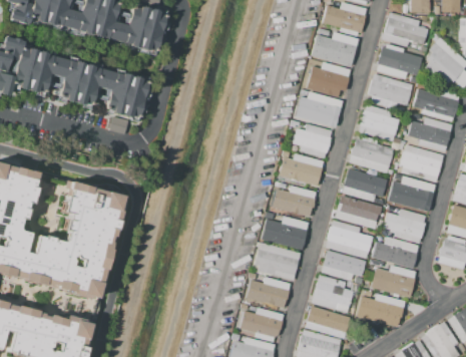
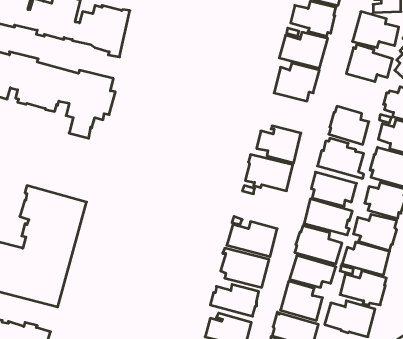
building: [369,74,413,109] -> none
building: [298,92,342,127] -> none
building: [272,186,318,218] -> none

